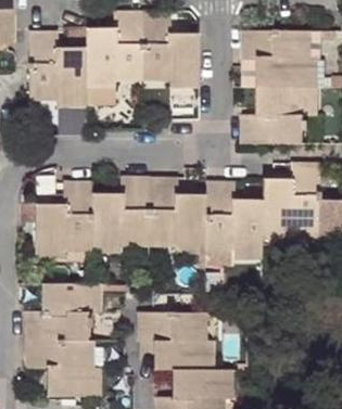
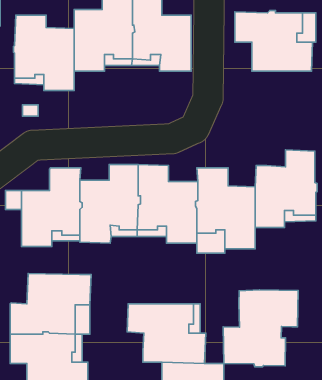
building: [242,88,316,144] -> none
building: none -> [223,290,298,367]

